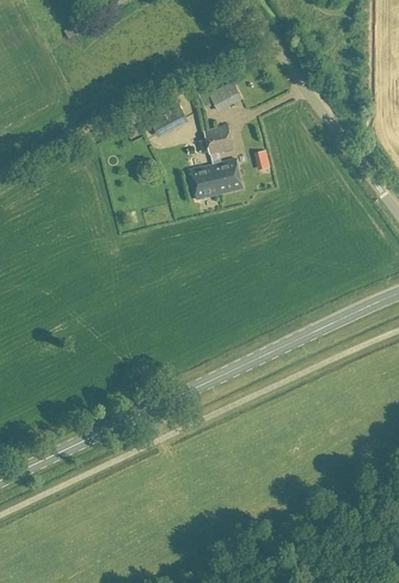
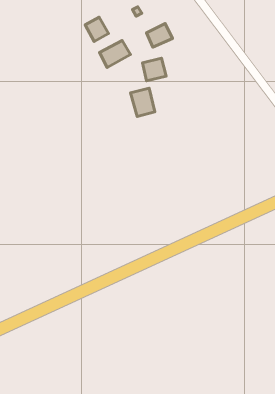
building: none -> [85,17,109,42]
building: [211,158,241,194] -> none

